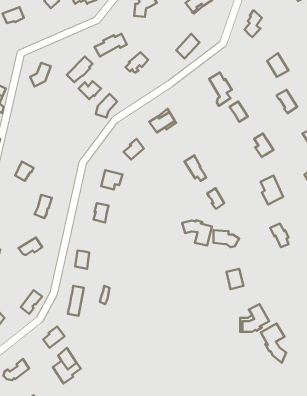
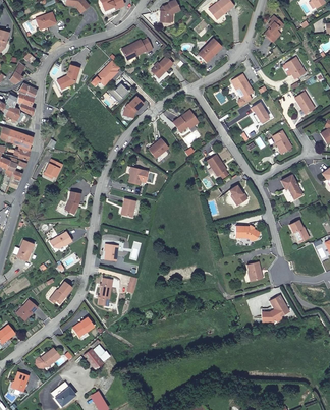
building: [182,220,212,245] -> none
building: [261,324,286,363] -> none

